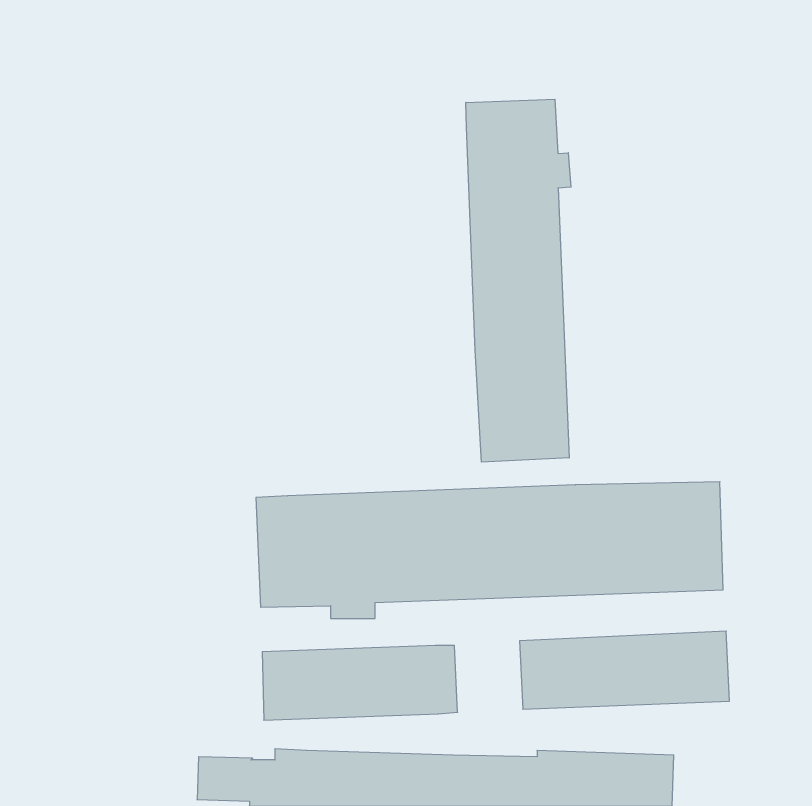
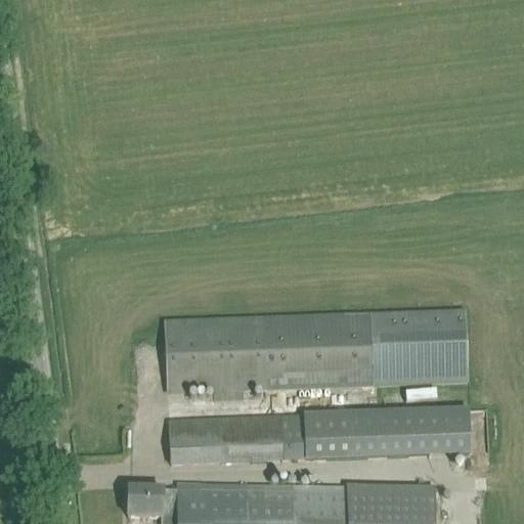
building: [466,99,571,462] -> none
building: none -> [293,412,337,458]

